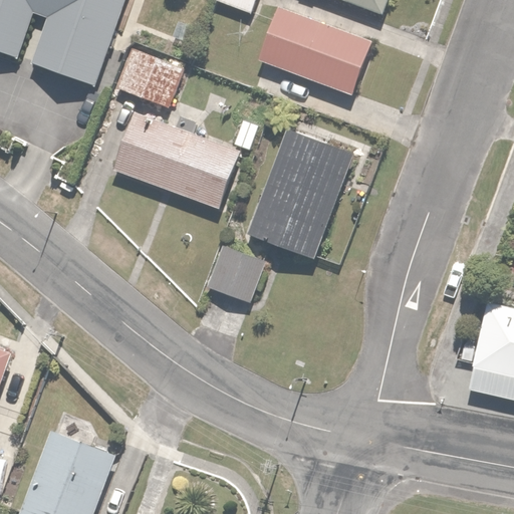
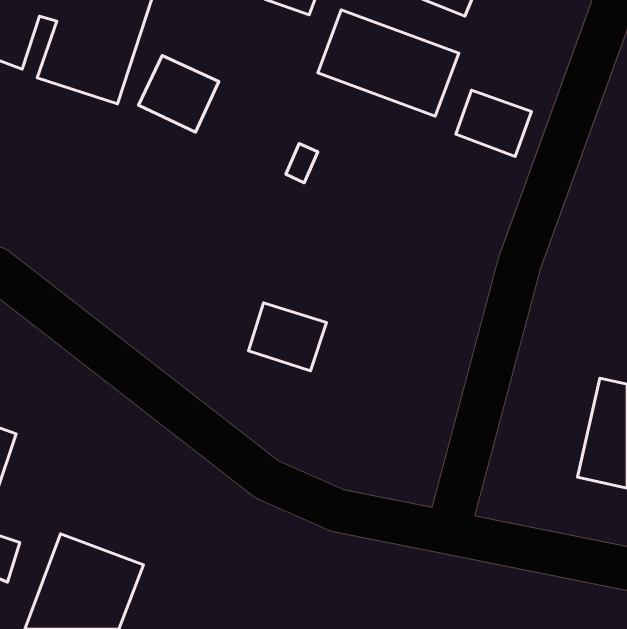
building: none -> [456,90,532,156]
building: [113,109,242,209] -> none
building: [243,130,351,259] -> none

